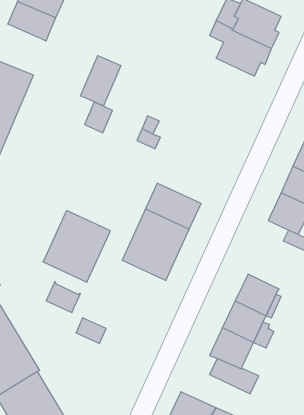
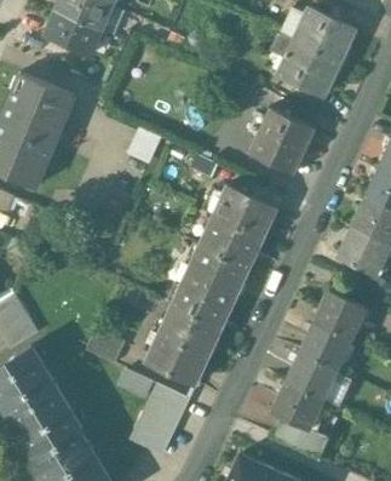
building: [81,56,121,106] -> none
building: none -> [246,107,314,173]
building: none -> [213,185,277,240]
building: [43,211,110,282] -> [146,304,223,385]
building: none -> [316,290,366,337]
building: none -> [131,384,190,451]

